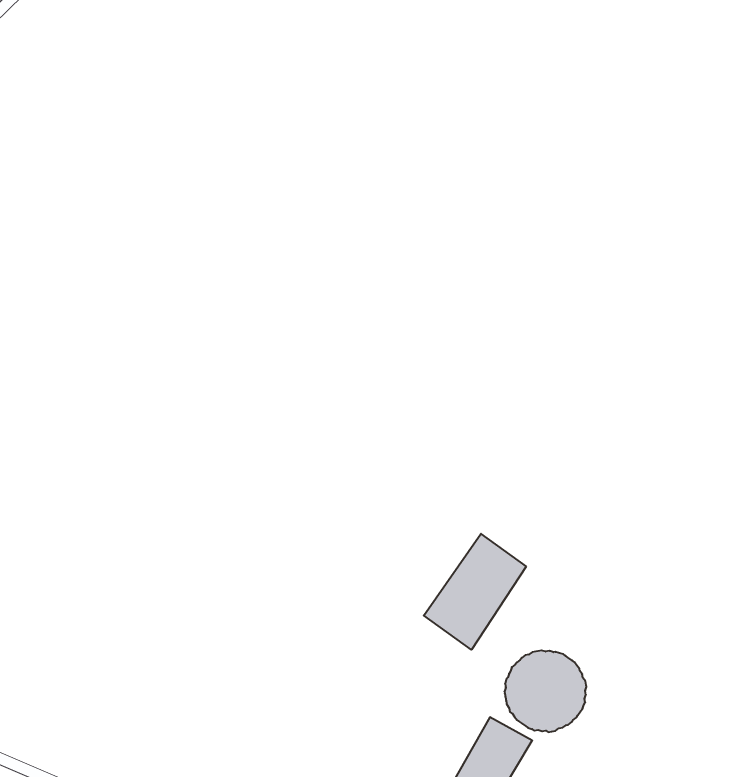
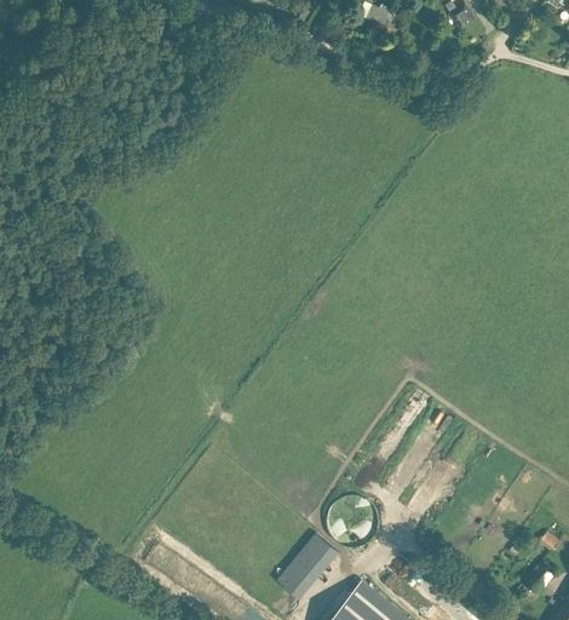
building: [424,534,526,650] -> none

